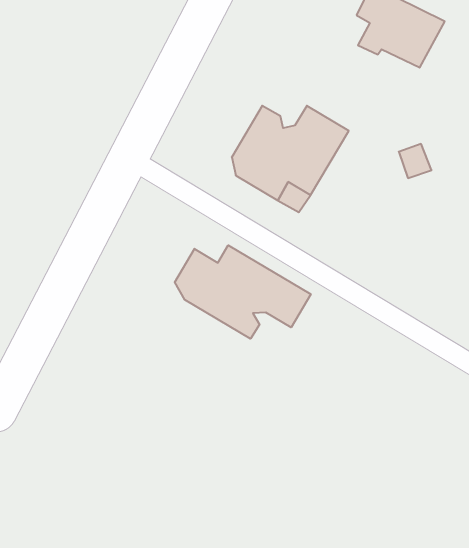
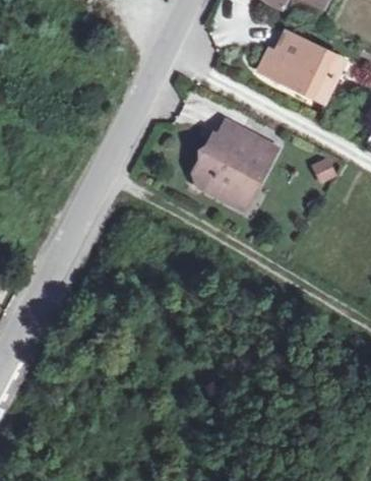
building: [175,245,311,339] -> none

